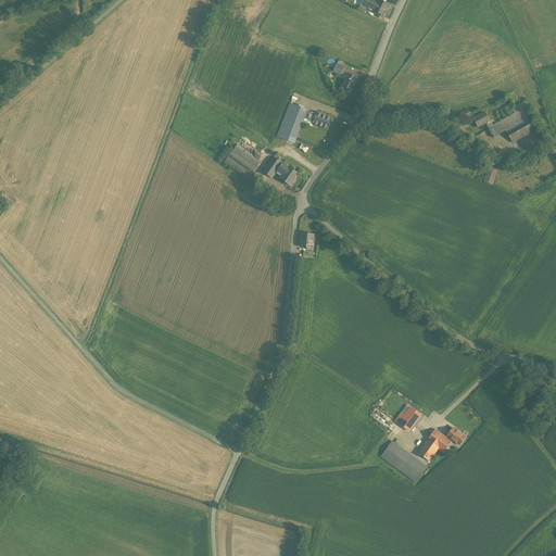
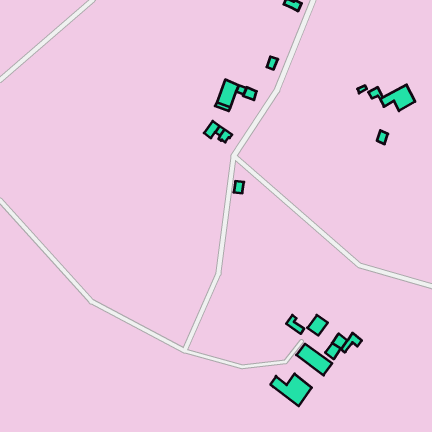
building: [223,143,260,181] -> none
building: none -> [271,374,312,406]

